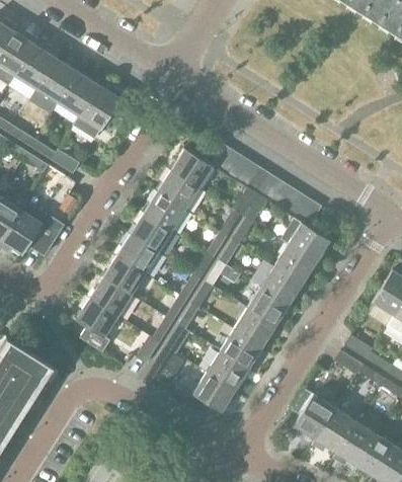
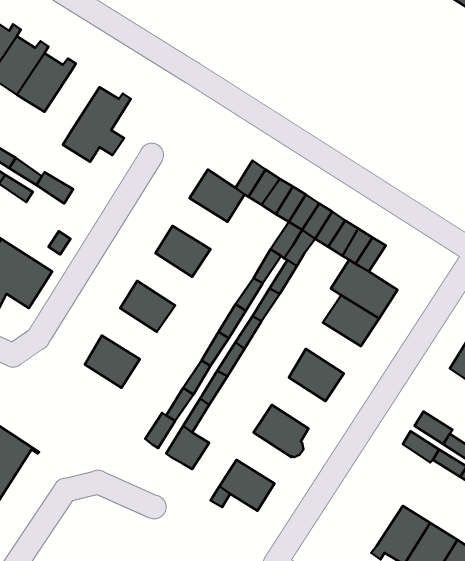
building: [58,71,103,117] -> none
building: [157,170,199,210] -> none
building: [130,213,172,253] -> none
building: [102,255,145,295] -> none
building: [260,266,303,306] -> none
building: [75,299,117,352] -> none
building: [234,309,275,348] -> none
building: [207,351,249,391] -> none
building: [291,389,335,439] -> none

